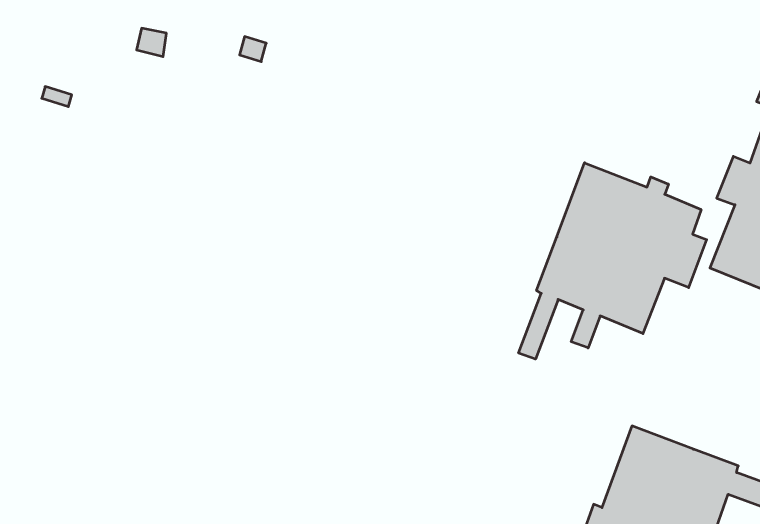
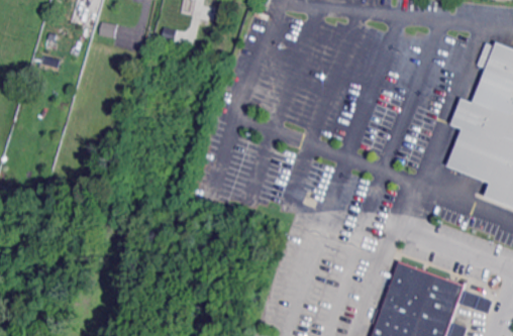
building: [519,163,707,359] -> none

